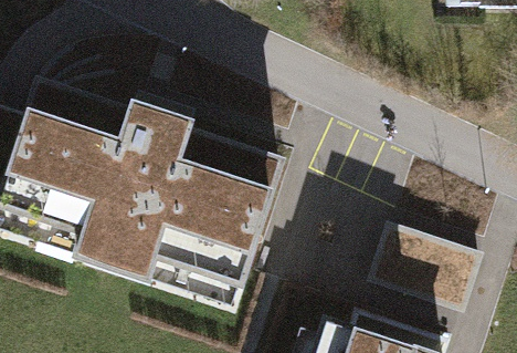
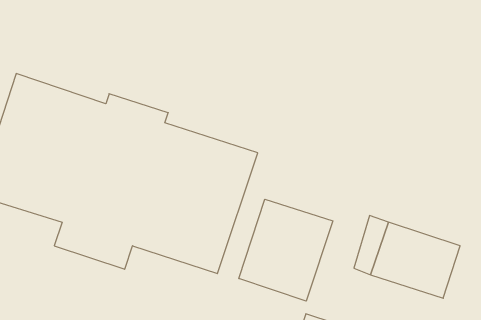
building: none -> [239,199,333,301]

